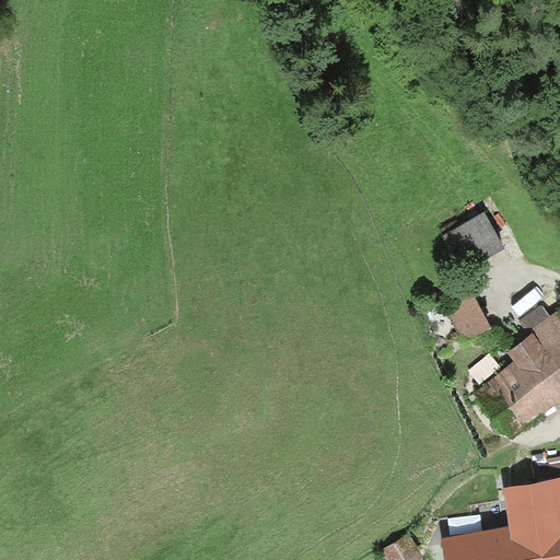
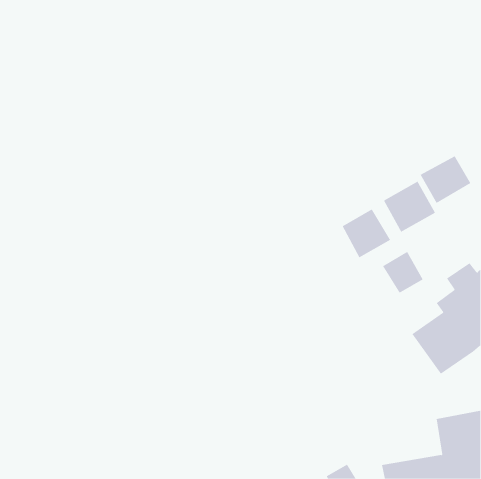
building: none -> [420,155,471,204]
building: none -> [342,208,391,258]

